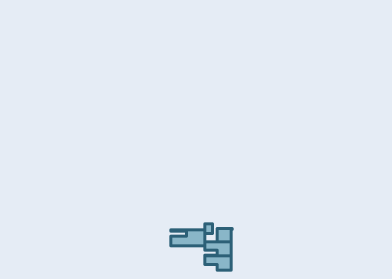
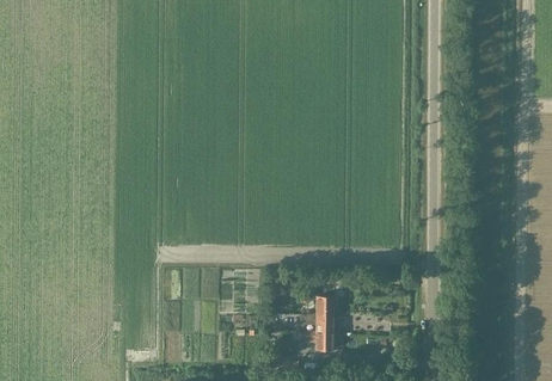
building: [171,230,205,246] -> none

